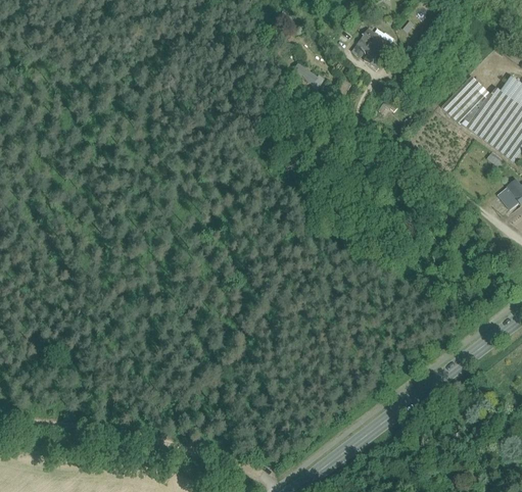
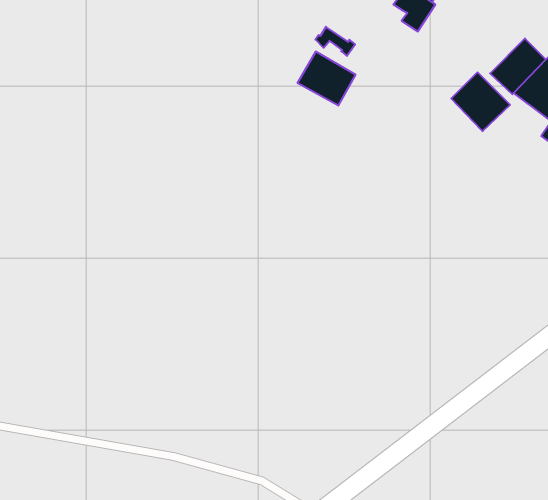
building: none -> [298,51,355,106]
building: none -> [451,72,510,131]

